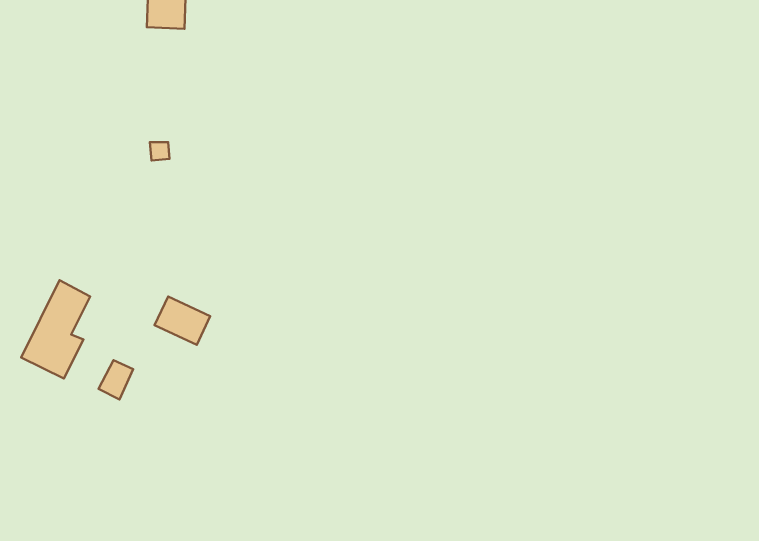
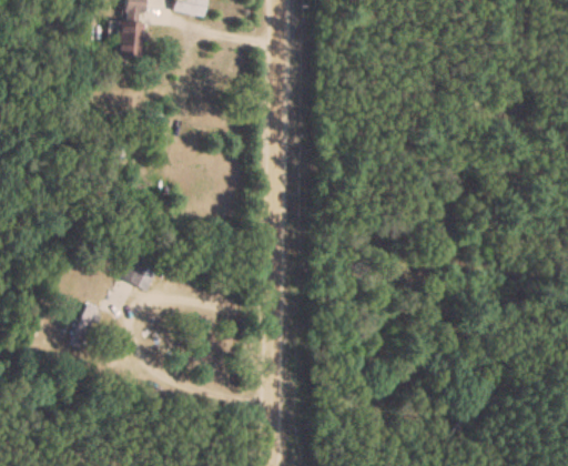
building: [21,280,90,379] -> none

